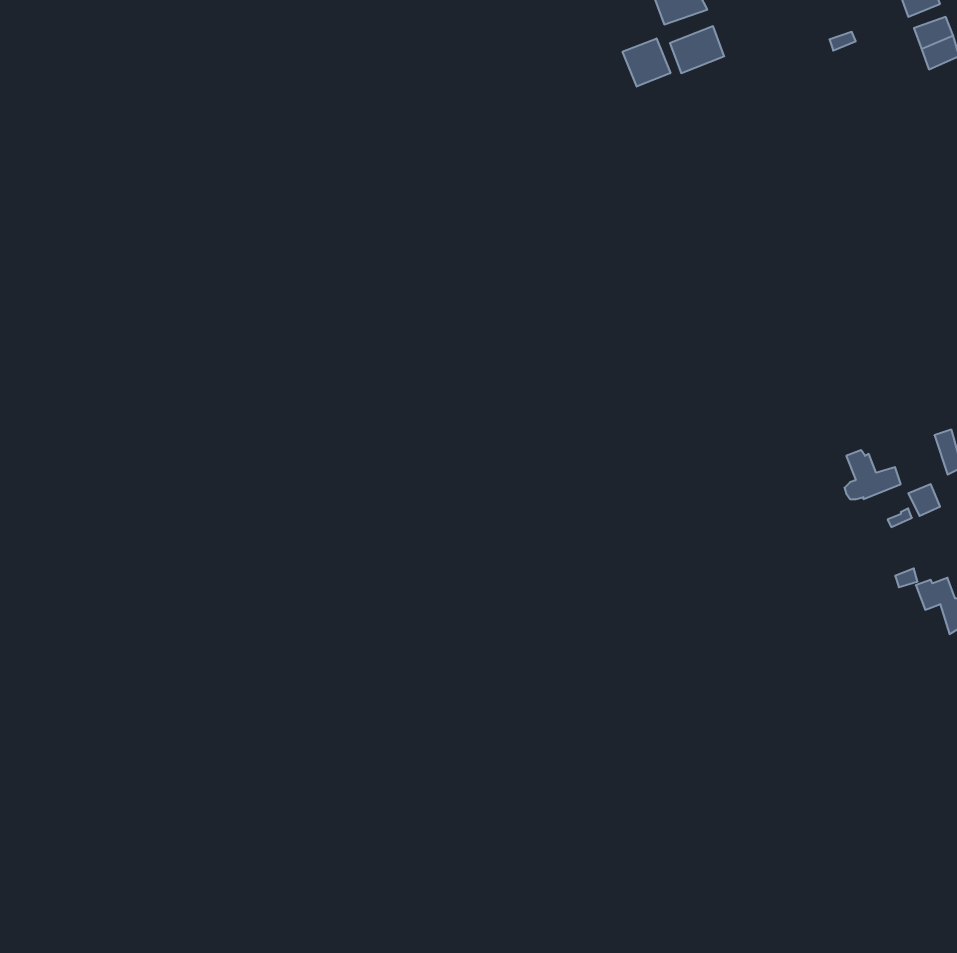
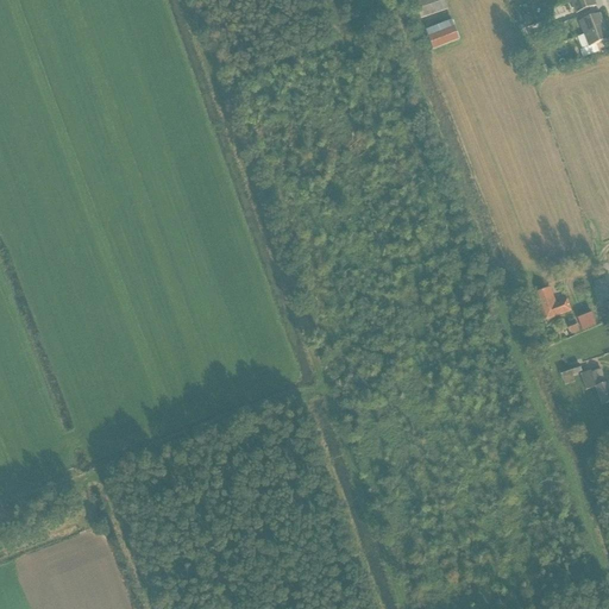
building: [623,38,670,87] -> none

